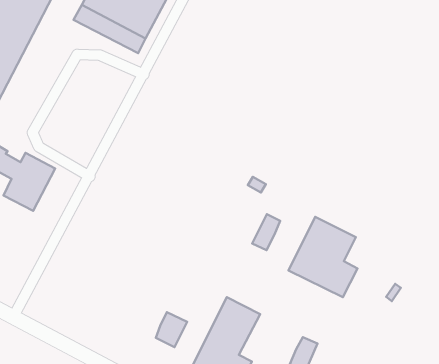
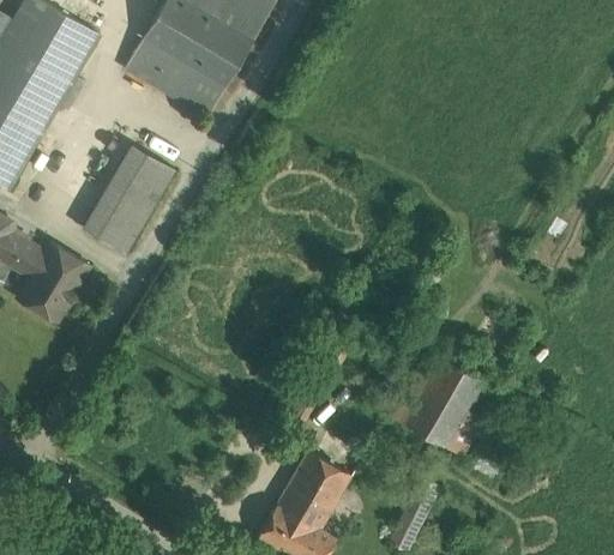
building: none -> [83,144,174,253]
building: [252,214,280,250] -> none
building: [156,312,187,347] -> none

